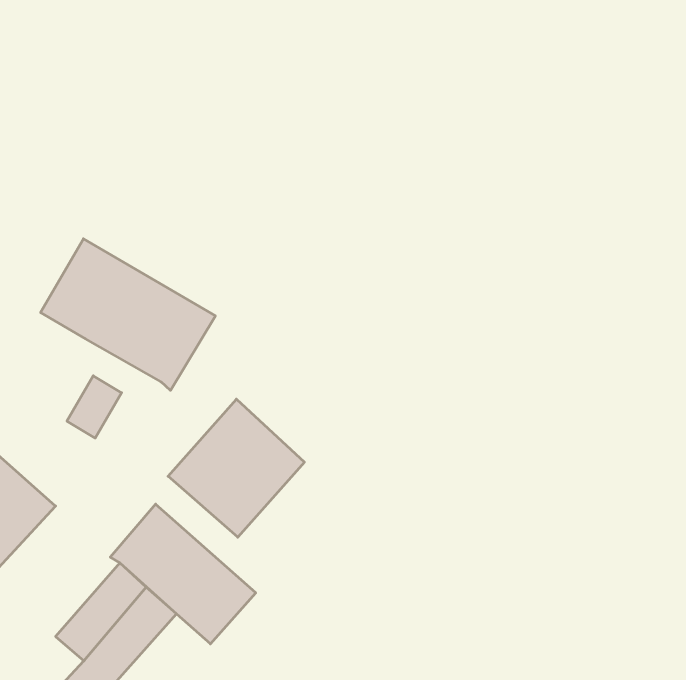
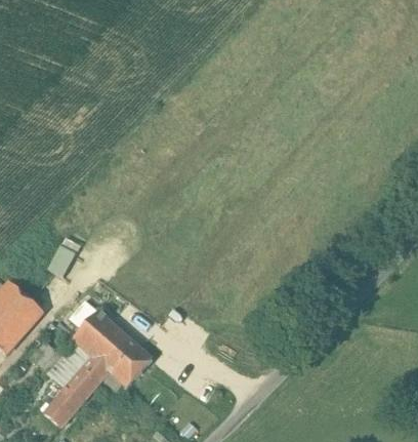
building: [41,239,215,390] -> none
building: [168,399,304,537] -> none

